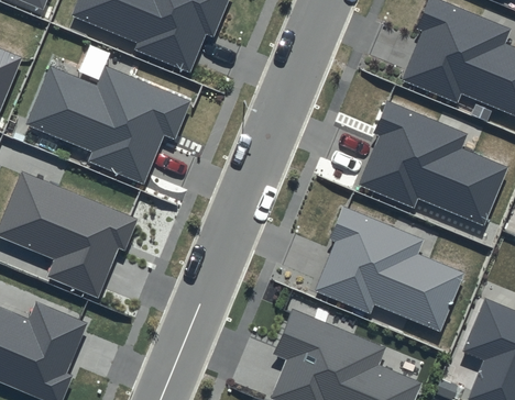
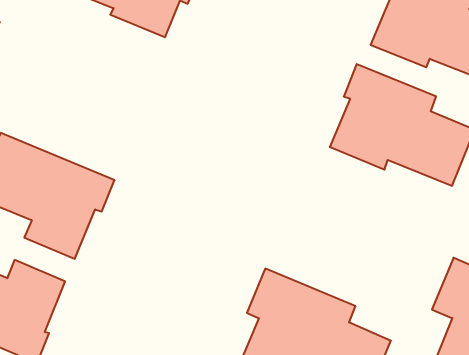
building: [26,66,191,184] -> none
building: [314,207,463,331] -> none

